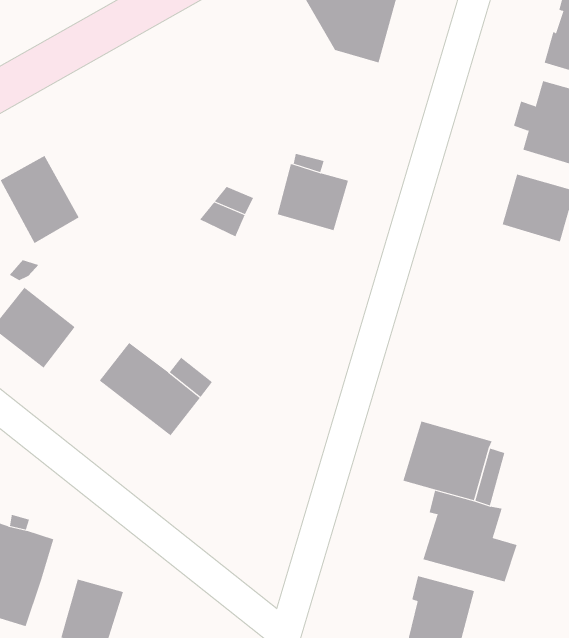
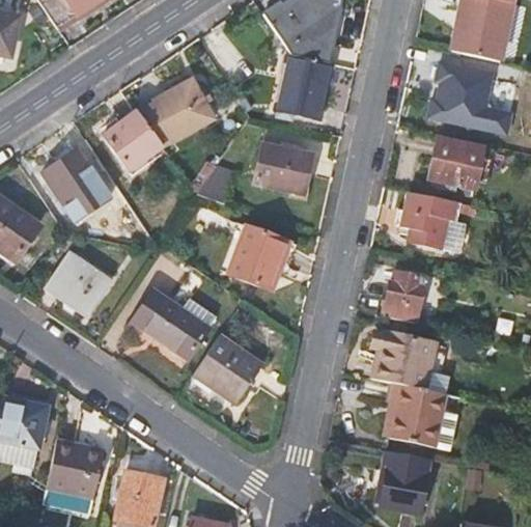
building: none -> [281,54,330,113]
building: none -> [155,79,214,139]
building: none -> [105,109,163,169]
building: none -> [397,192,457,248]
building: none -> [229,225,291,289]
building: none -> [384,273,426,324]
building: none -> [195,334,263,405]

